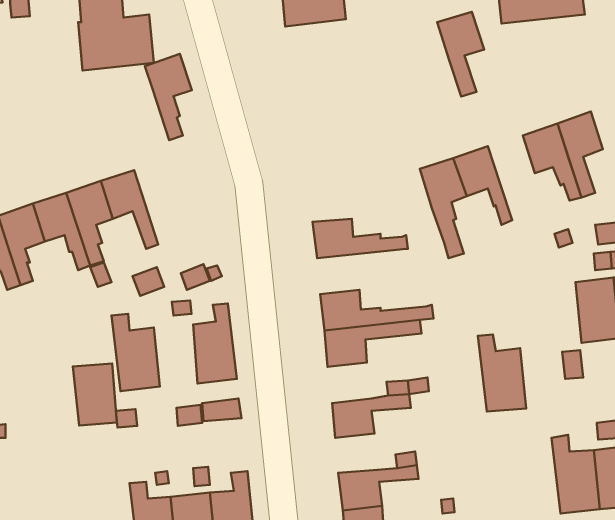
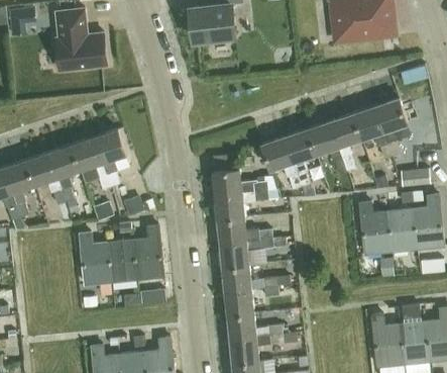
building: [437,12,484,96] -> [330,113,361,170]
building: [145,54,192,140] -> [94,128,125,186]
building: none -> [261,135,301,188]
building: none -> [216,189,277,219]
building: [478,334,526,412] -> [360,202,393,254]
building: none -> [223,265,252,292]
building: [73,363,117,425] -> [107,240,136,281]
building: none -> [228,312,256,339]

